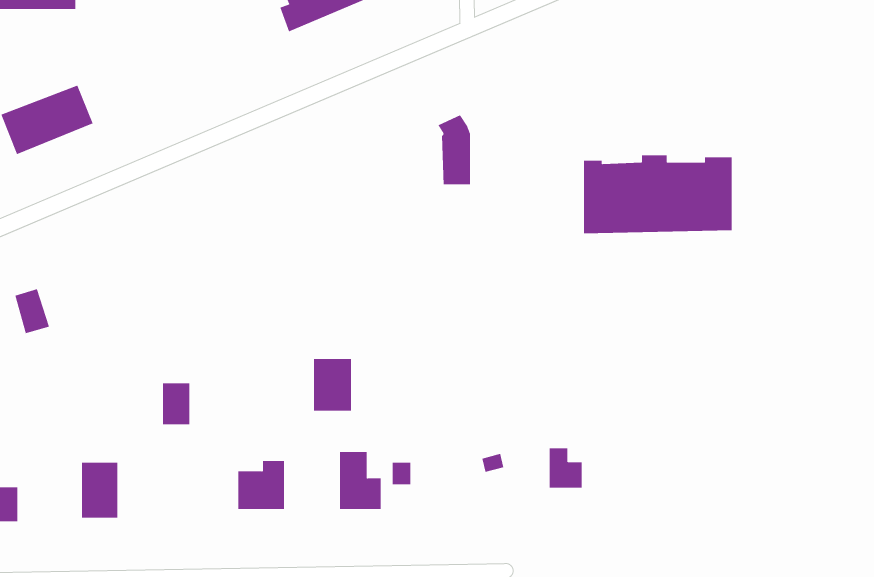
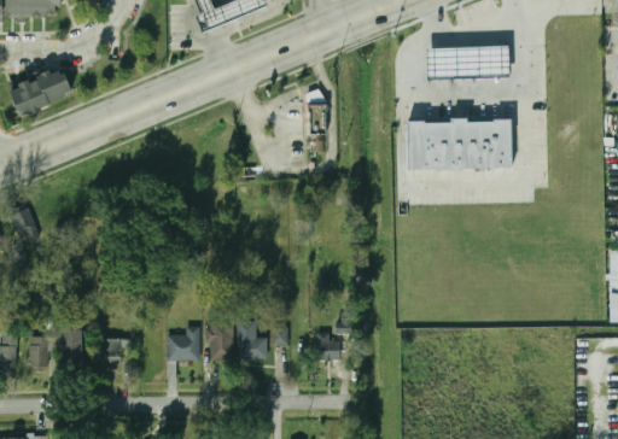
building: none -> [422,45,507,78]
building: [313,359,352,411] -> [208,320,234,356]
building: [162,383,190,425] -> [101,338,121,367]
building: [549,448,582,488] -> [316,332,339,359]
building: none -> [31,335,49,369]

